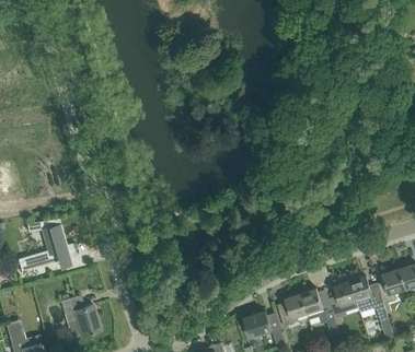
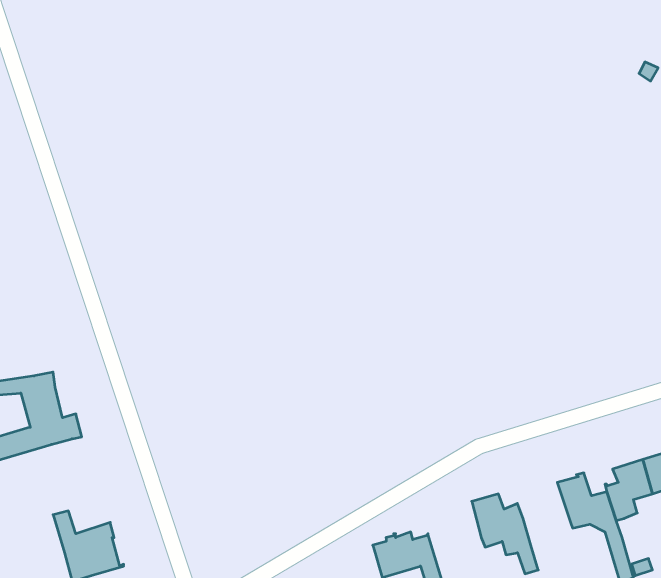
building: [330,282,357,318] -> none
building: [278,293,306,327] -> none

